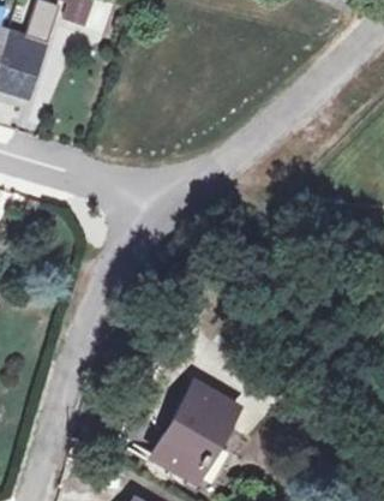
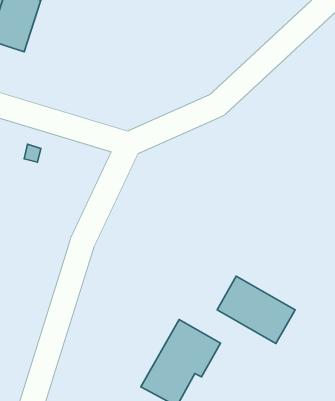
building: none -> [217,276,295,343]

